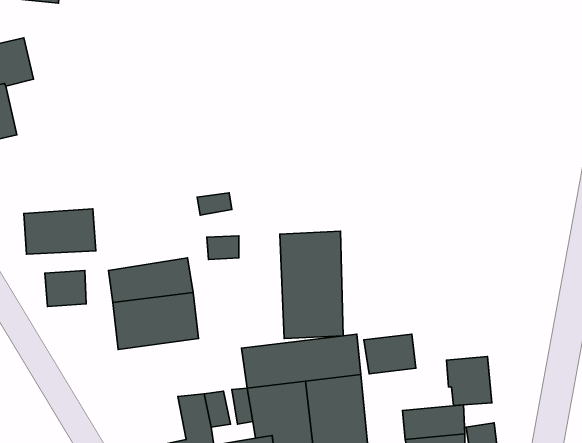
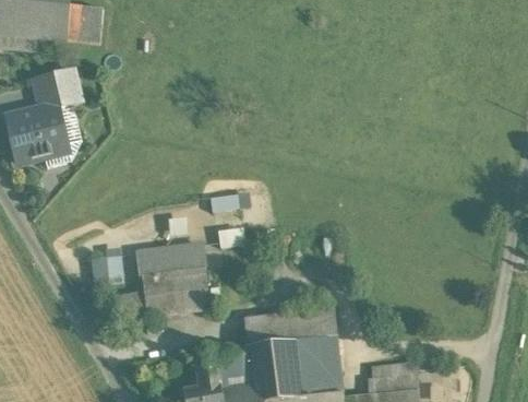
building: [24,209,96,254] -> none
building: [280,231,343,338] -> none
building: [364,334,416,374] -> none
building: [446,356,492,406] -> none

